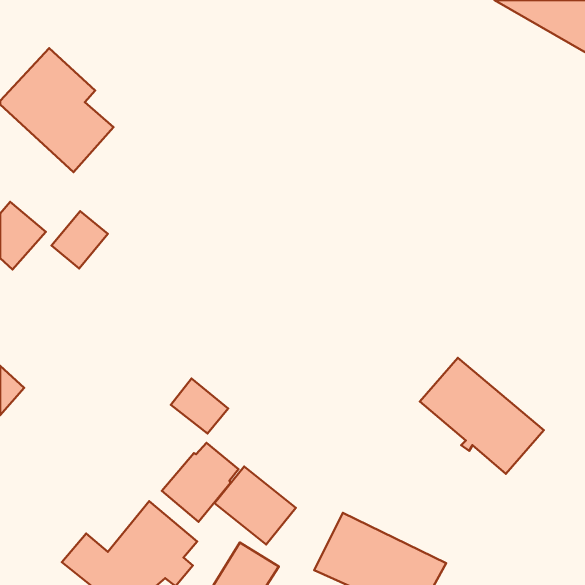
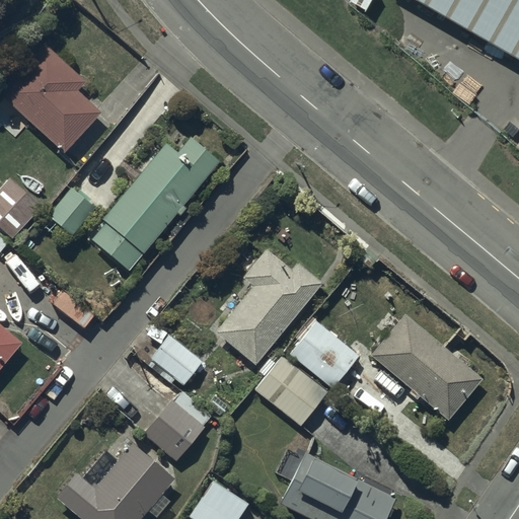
building: none -> [91,136,220,271]
building: none -> [216,250,322,366]
building: none -> [289,320,359,388]
building: [214,467,296,545] -> [255,357,327,426]

